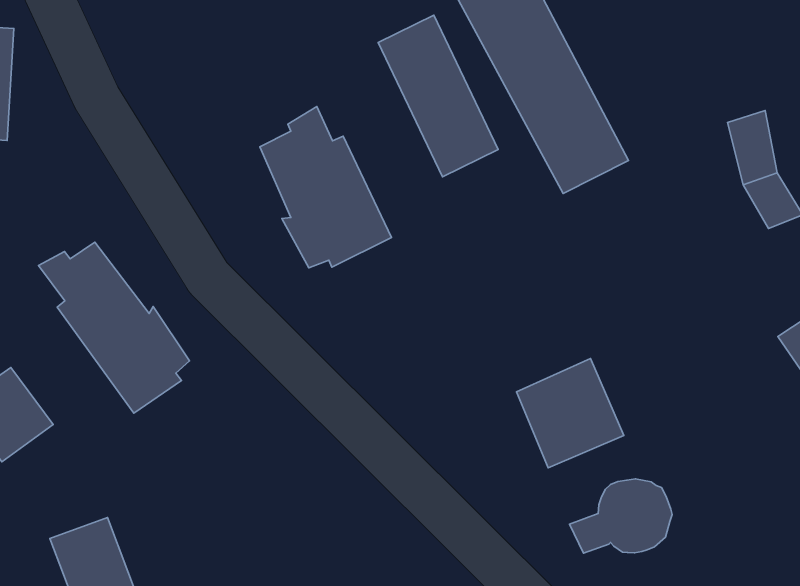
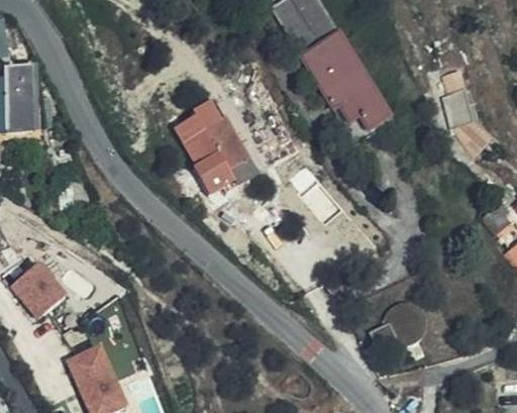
building: [378,15,498,177] -> none
building: [39,242,189,413] -> none
building: [517,359,624,468] -> none

